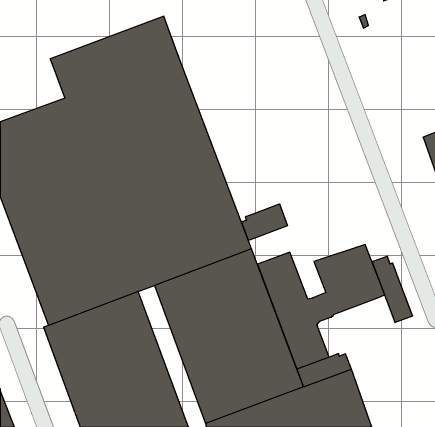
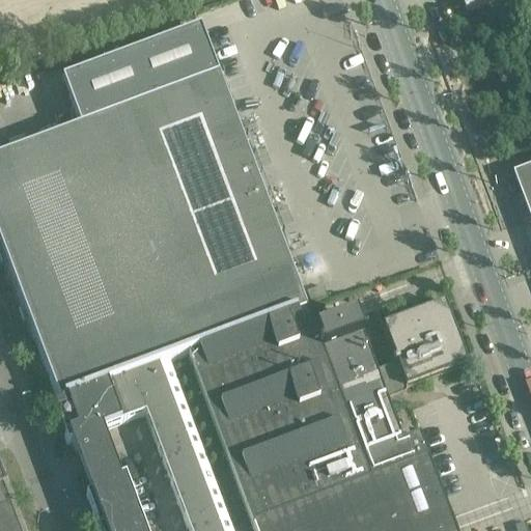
building: [242,204,288,240] -> none
building: [372,256,413,323] -> none

